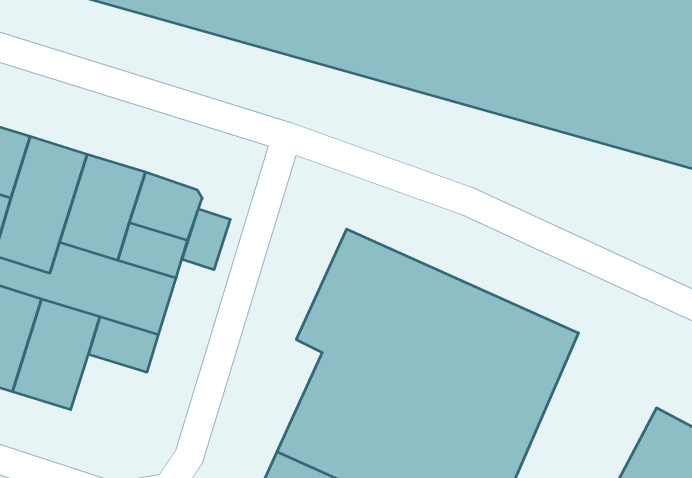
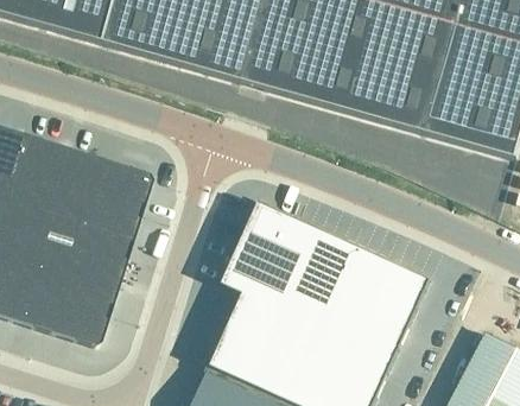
building: [182,209,230,270] -> none
building: none -> [56,293,112,345]

